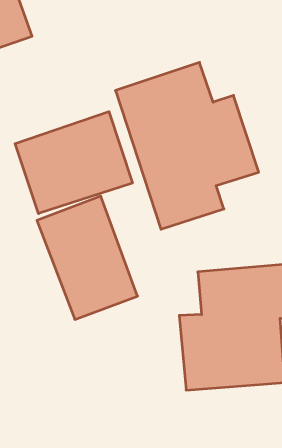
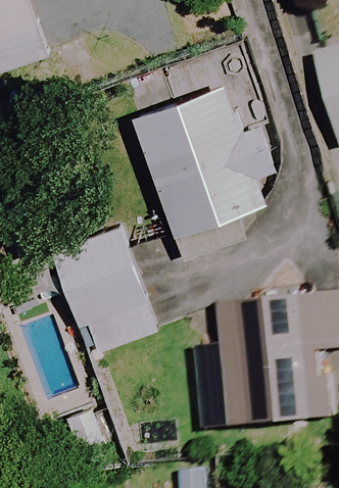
building: [15,112,132,214] -> none

